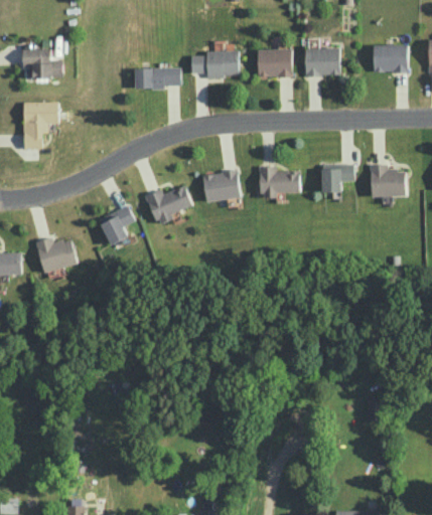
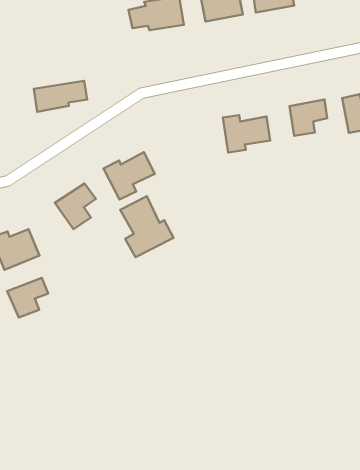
building: [134,68,180,90] -> [34,81,87,112]
building: [202,171,240,201] -> none
building: none -> [120,196,173,257]
building: none -> [7,278,48,317]

